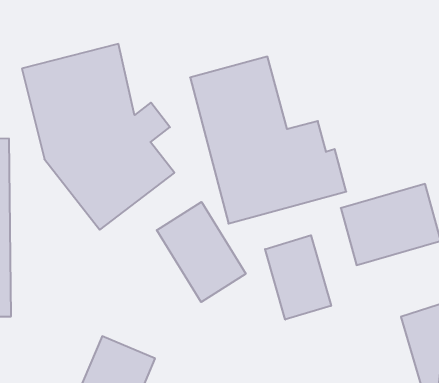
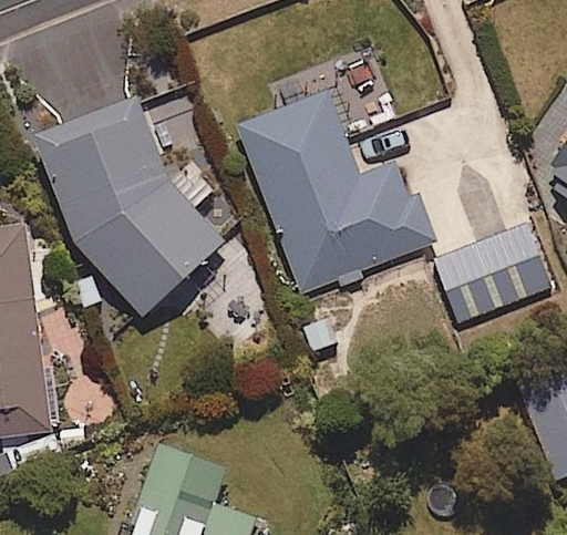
building: [157,202,246,302] -> none
building: [265,235,331,320] -> none

